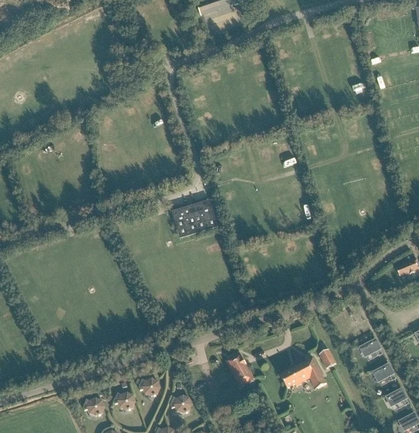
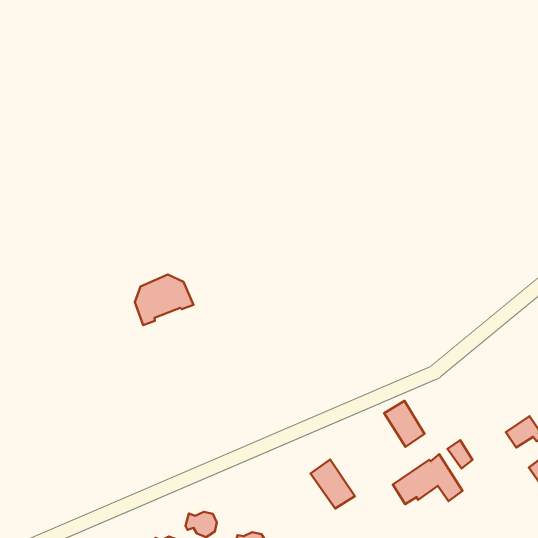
building: [176,204,215,236] -> [135,275,193,325]
building: none -> [384,401,425,447]

